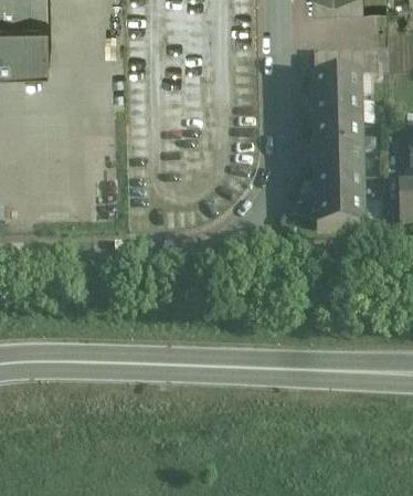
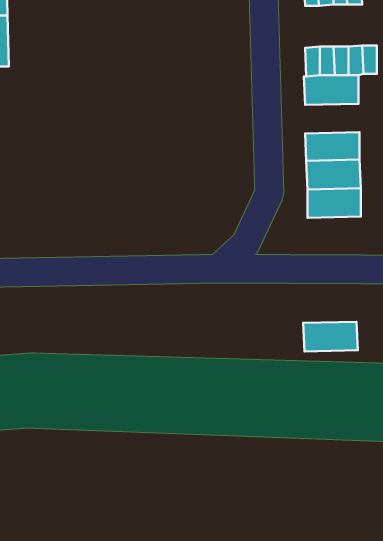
building: [313,101,361,127] -> none
building: [315,201,363,228] -> [303,322,358,351]

